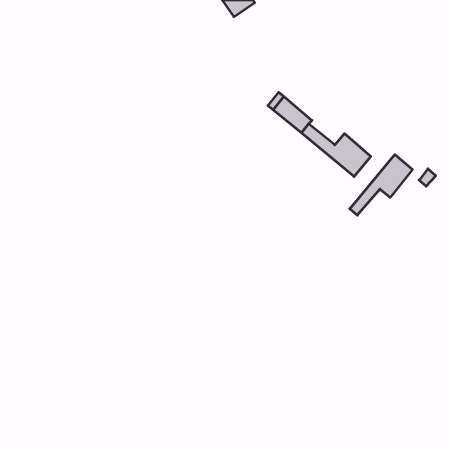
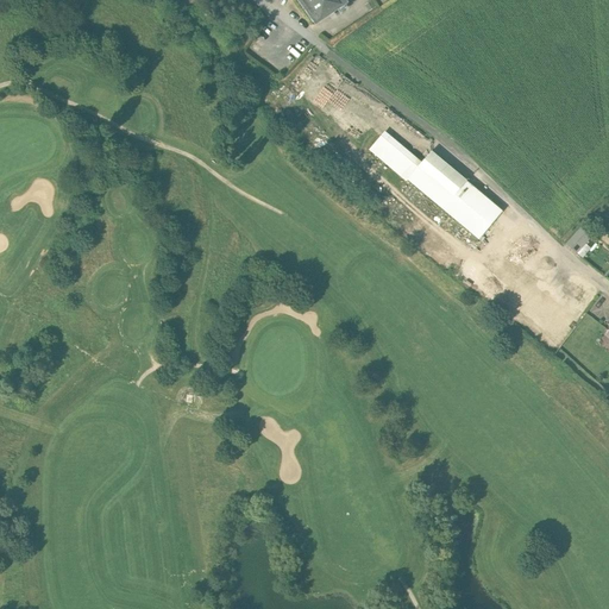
building: none -> [417,152,466,196]
building: [350,155,412,215] -> none

